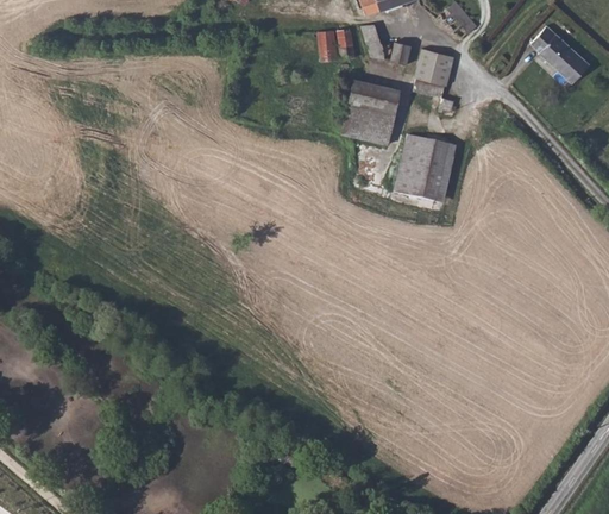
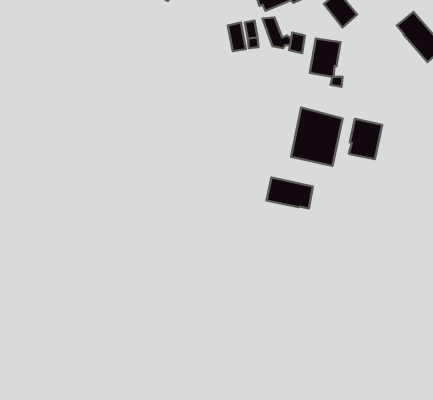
building: [341,77,402,145] -> none
building: none -> [349,119,382,159]
building: none -> [266,178,313,209]

